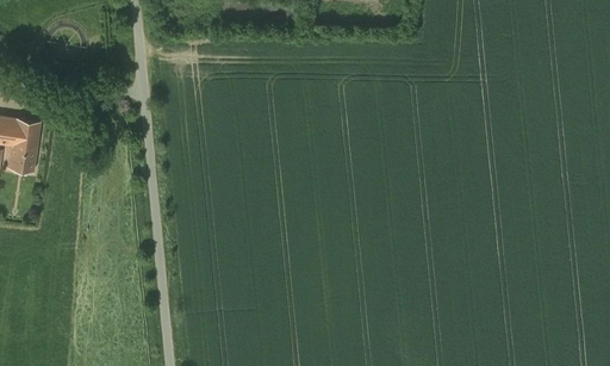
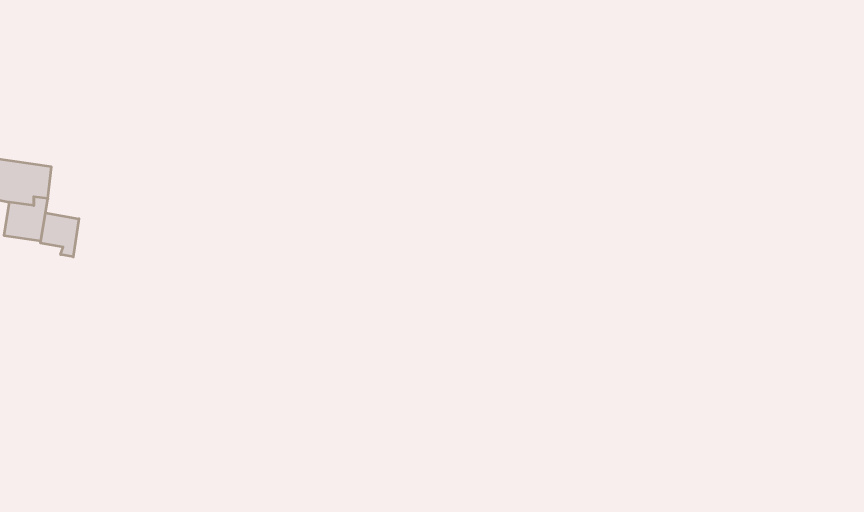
building: none -> [41,213,79,257]

